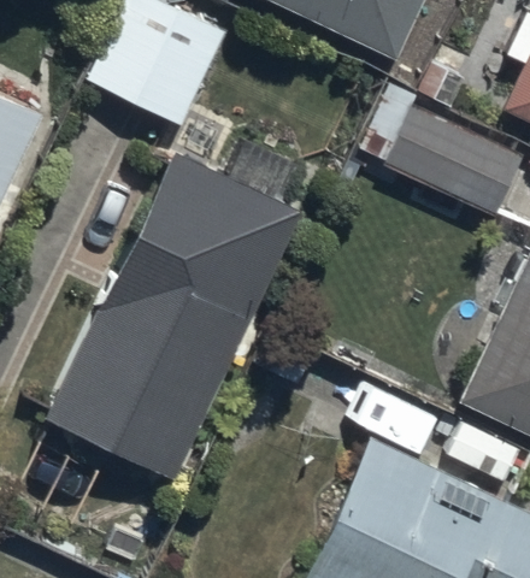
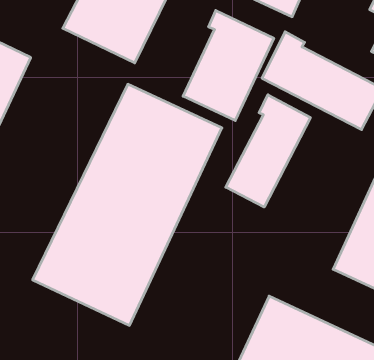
building: none -> [183,10,274,121]
building: none -> [226,95,310,207]

